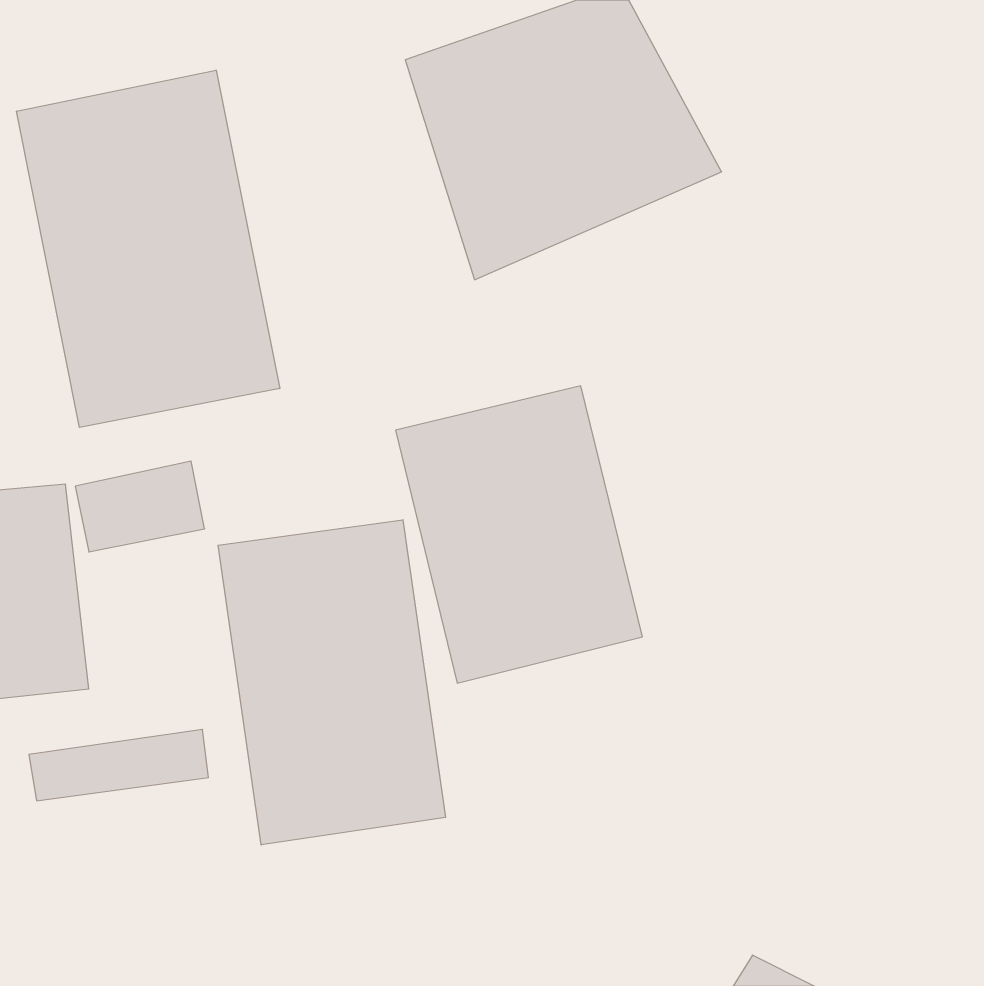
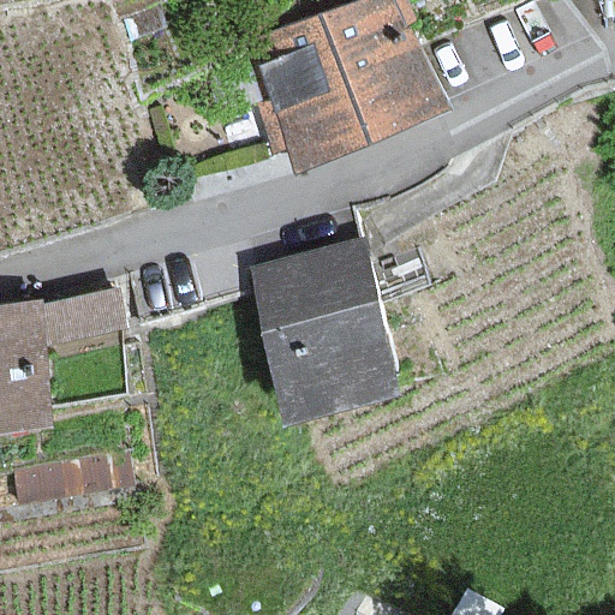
building: [17,70,280,427] -> none
building: [218,520,446,845] -> none

